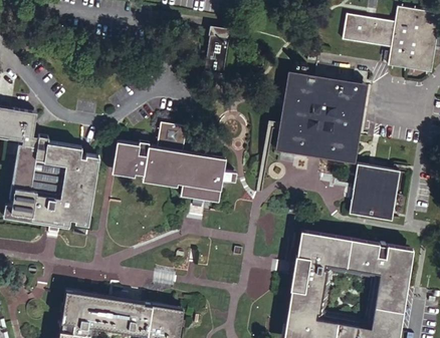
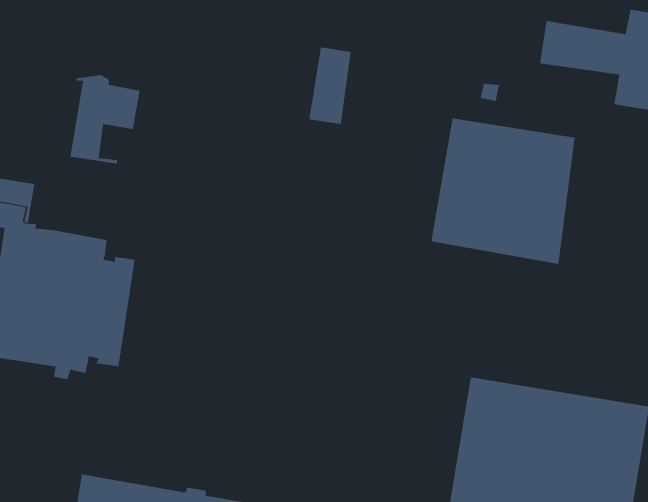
building: none -> [70,75,140,164]
building: [114,122,236,208] -> none
building: [349,165,401,222] -> none

